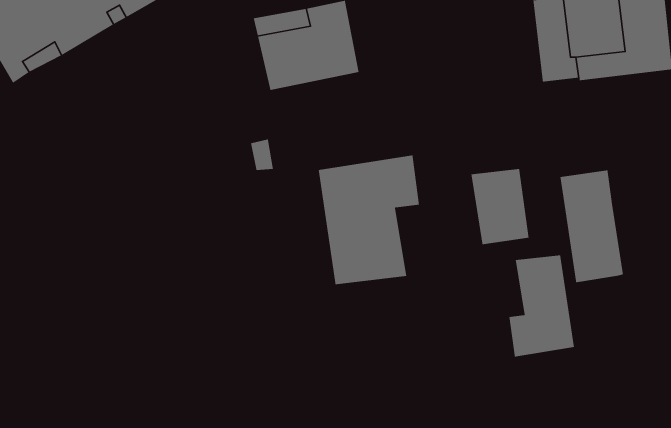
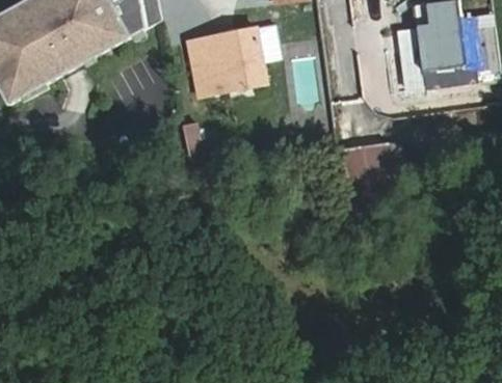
building: [318,154,420,285] -> none
building: [560,169,624,283] -> none
building: [508,254,575,357] -> none

